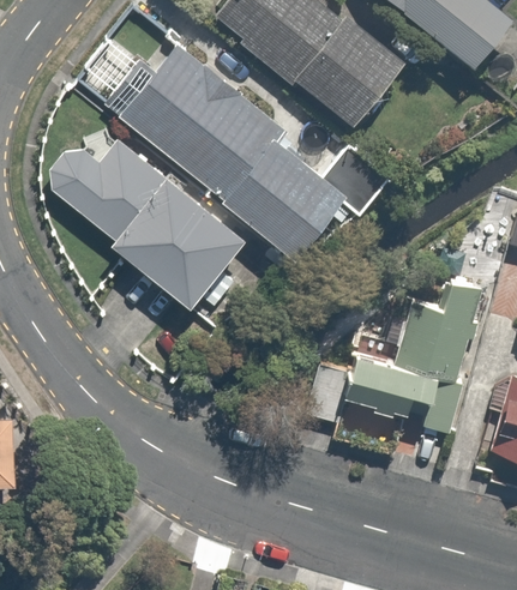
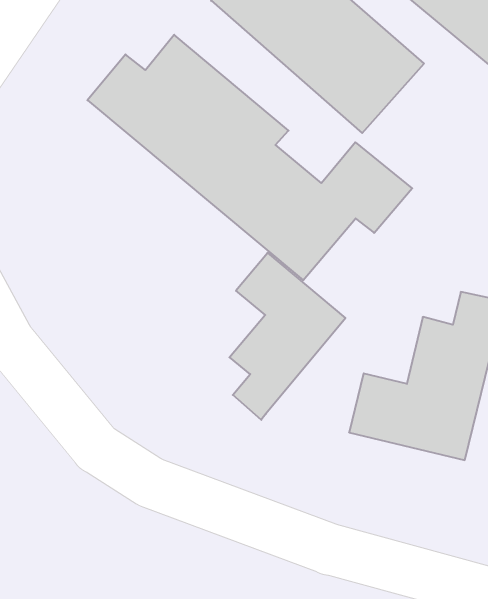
building: [48,138,250,315] -> none
building: none -> [229,253,345,420]

